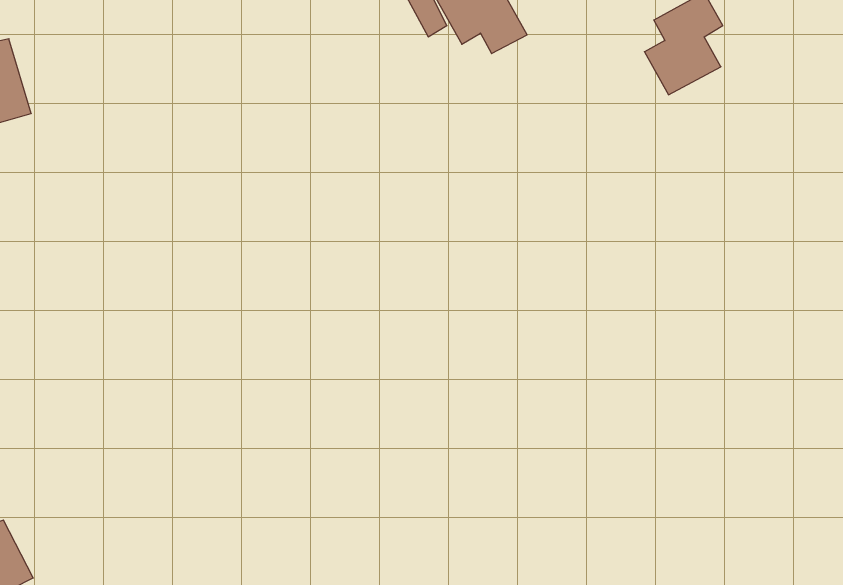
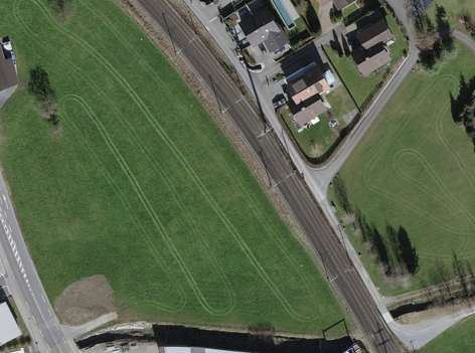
building: none -> [283,62,329,125]

